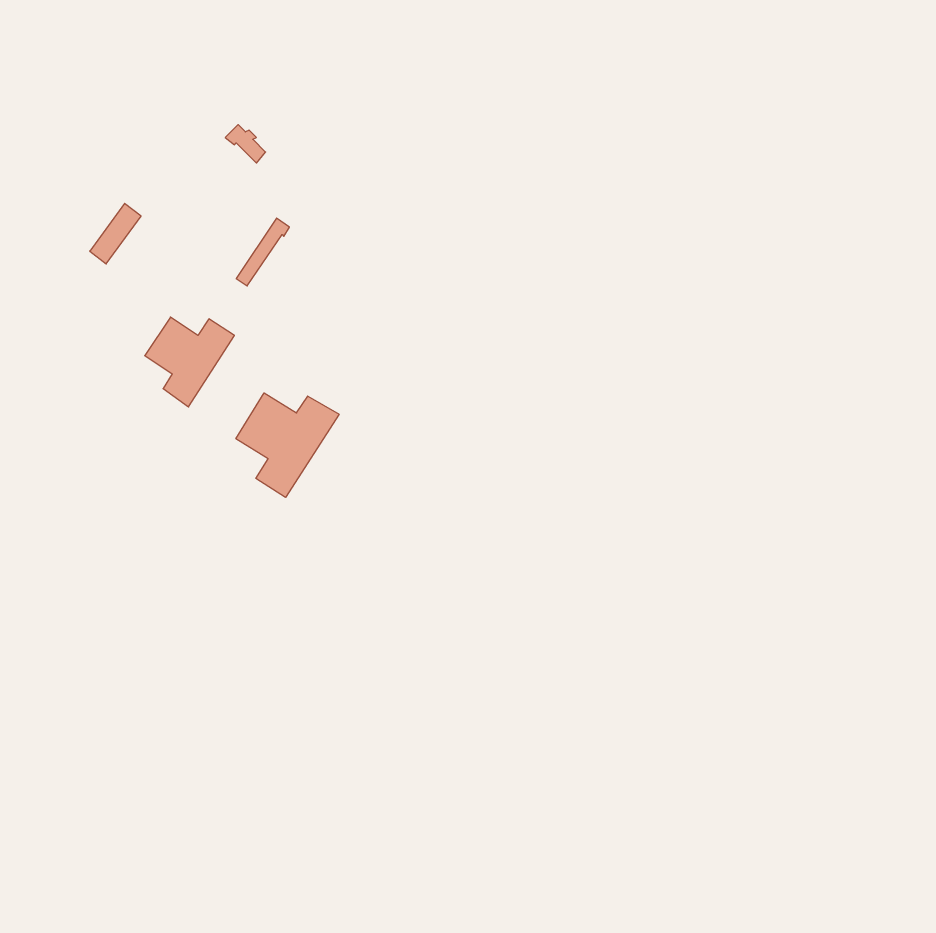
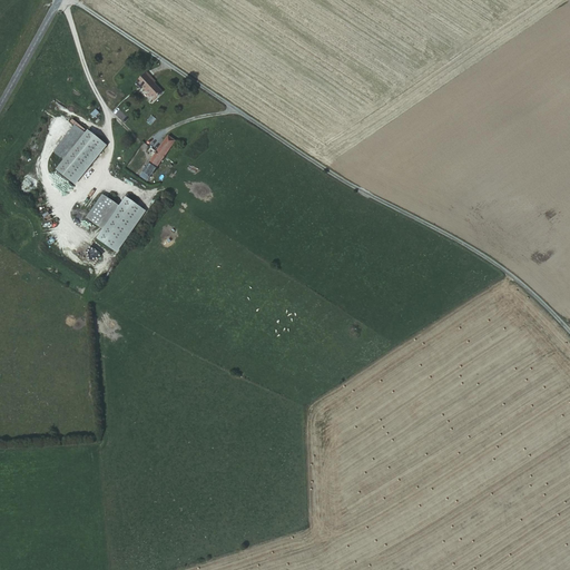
building: none -> [58,130,104,181]
building: [236,393,339,497] -> none

